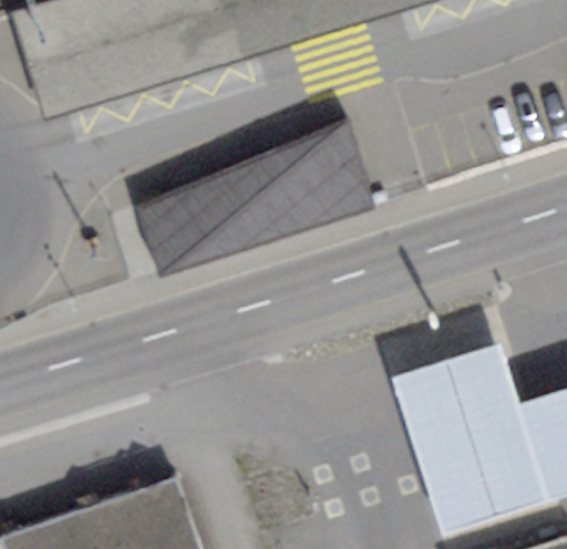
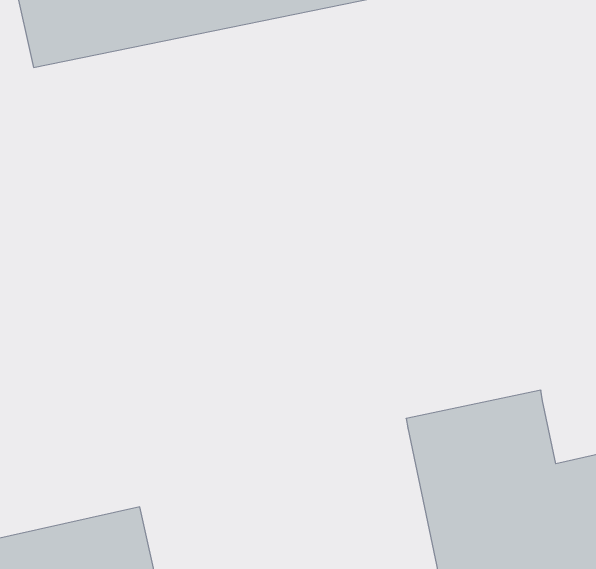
building: [138,120,374,278] -> none

